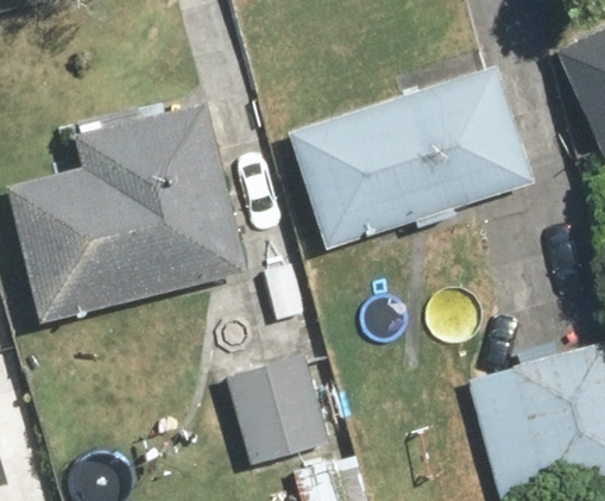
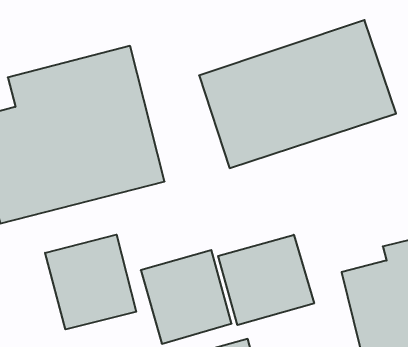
building: none -> [45,235,136,329]
building: none -> [218,235,314,325]

